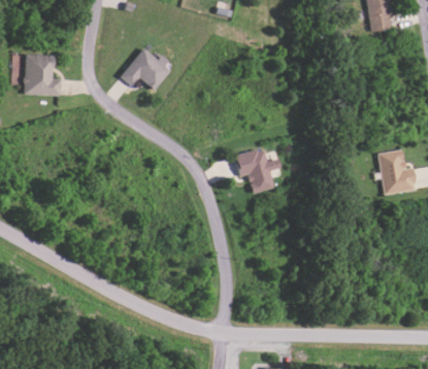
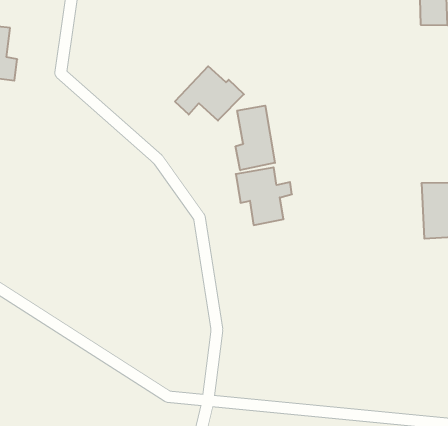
building: [120,47,172,89] -> [175,66,244,121]
building: none -> [236,106,275,170]

